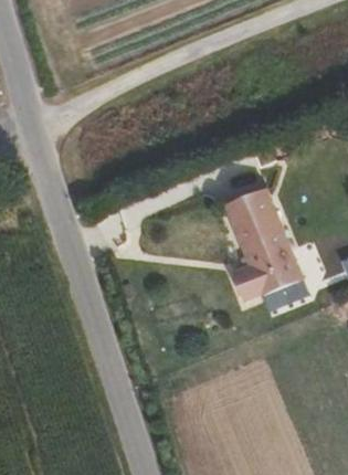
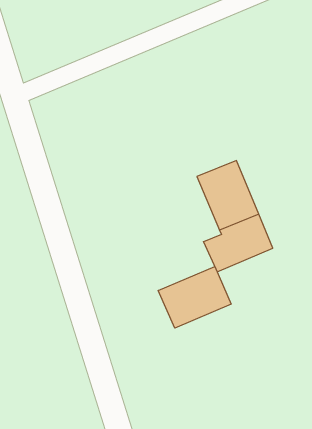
building: none -> [158,266,231,328]

